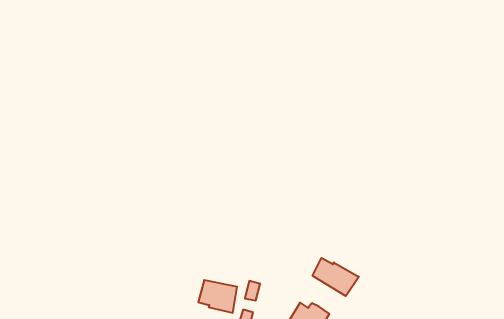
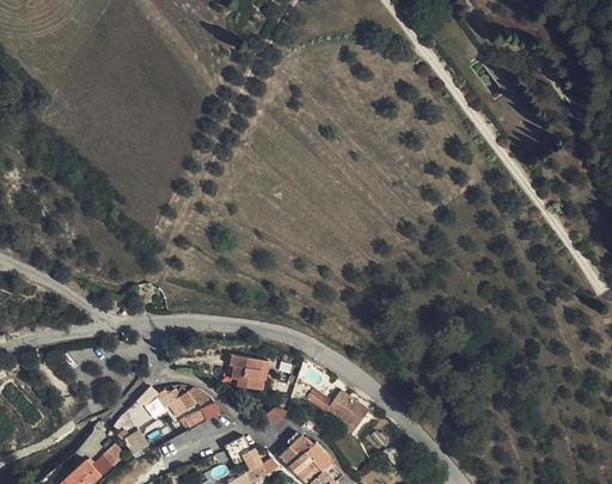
building: [313,258,359,296] -> none

